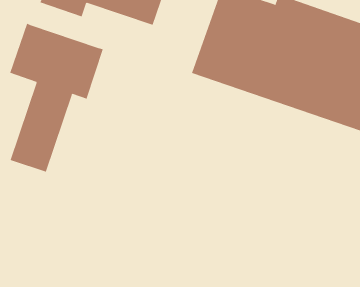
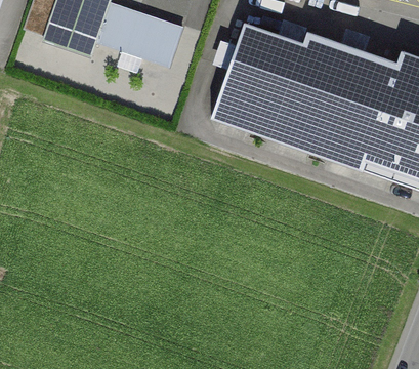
building: [10,23,103,173] -> none

